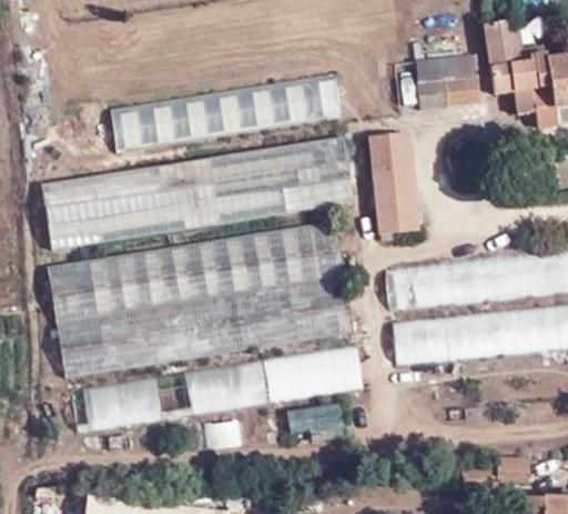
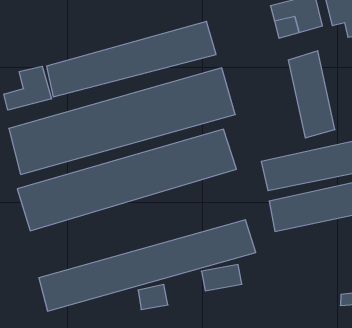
building: none -> [4,66,51,110]
building: [369,123,422,238] -> [288,51,335,138]
building: [61,275,357,380] -> none

